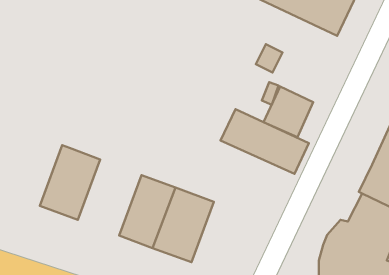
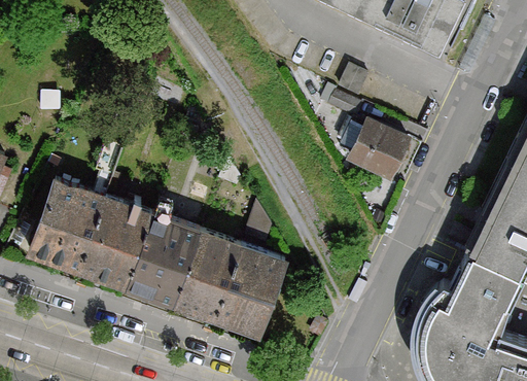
building: [221,109,309,174] -> none
building: none -> [29,176,99,267]
building: none -> [118,209,198,304]

